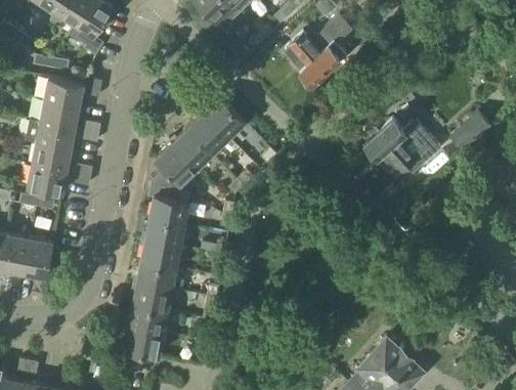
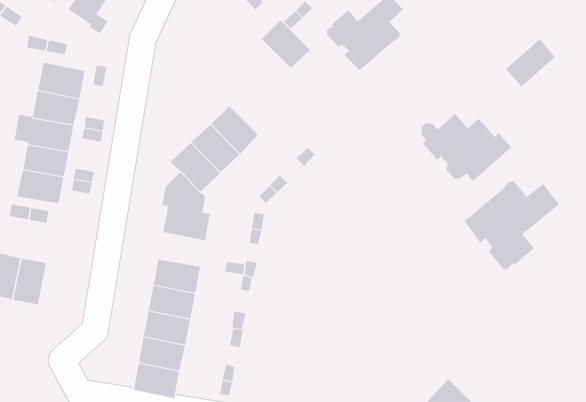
building: [204,96,245,137] -> [261,19,311,69]
building: [448,111,490,151] -> [505,38,556,88]
building: none -> [464,180,560,270]
building: [144,218,184,247] -> none

